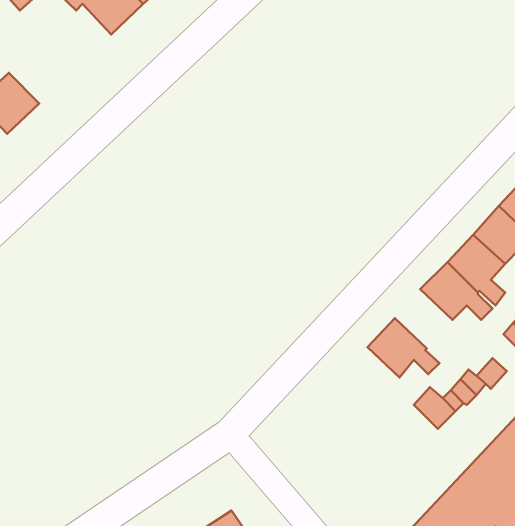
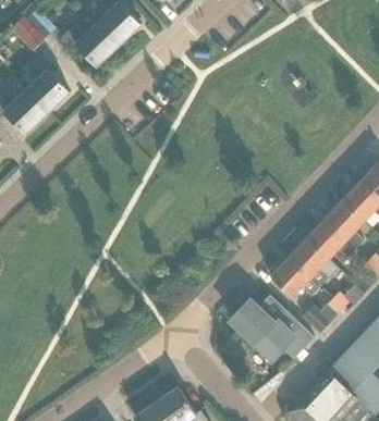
building: none -> [26,54,68,111]
building: none -> [289,237,328,285]
building: none -> [230,298,316,360]

